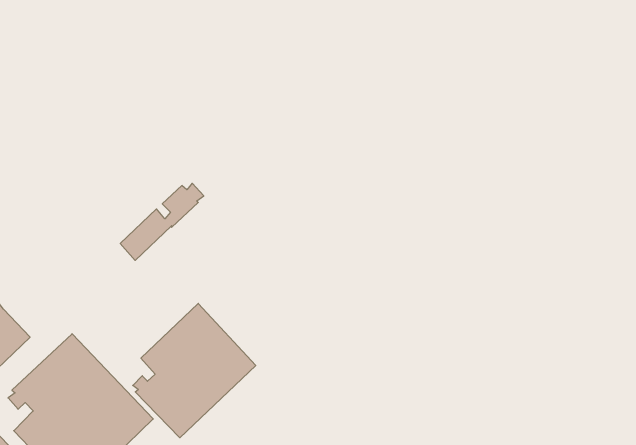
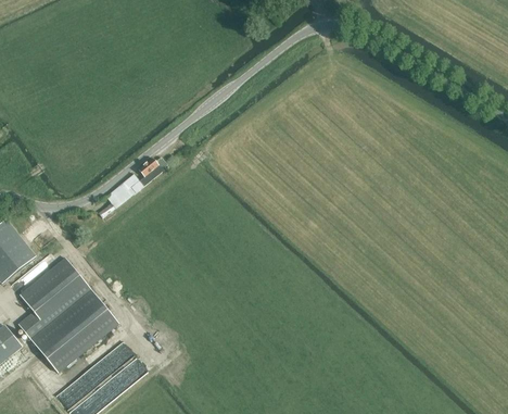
building: [133,303,256,438] -> none

